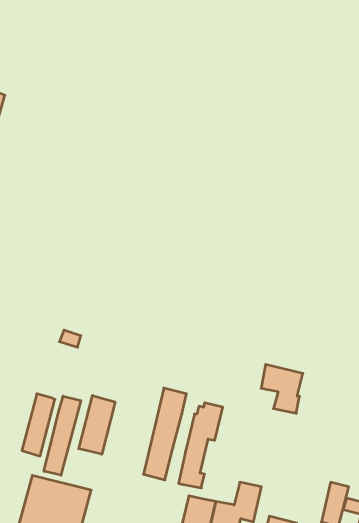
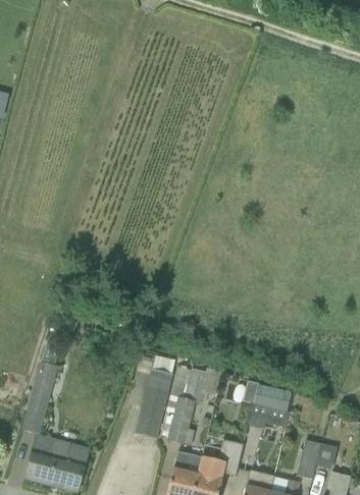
building: [261,364,303,413] -> [254,384,292,428]
building: [79,395,115,454] -> none
building: [44,396,81,475] -> none

